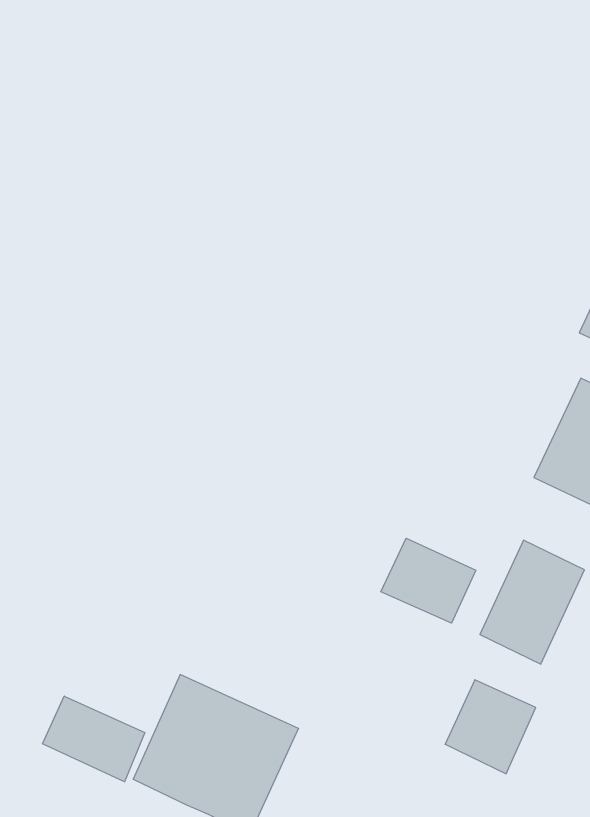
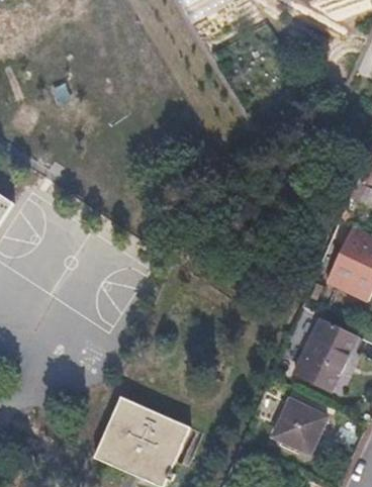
building: [381,538,476,623] -> none
building: [42,696,145,782] -> none

